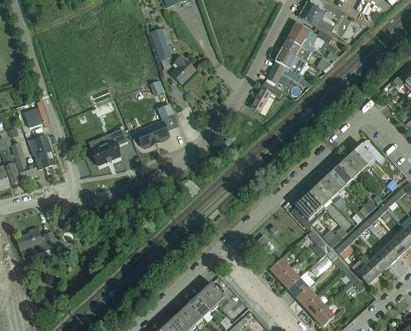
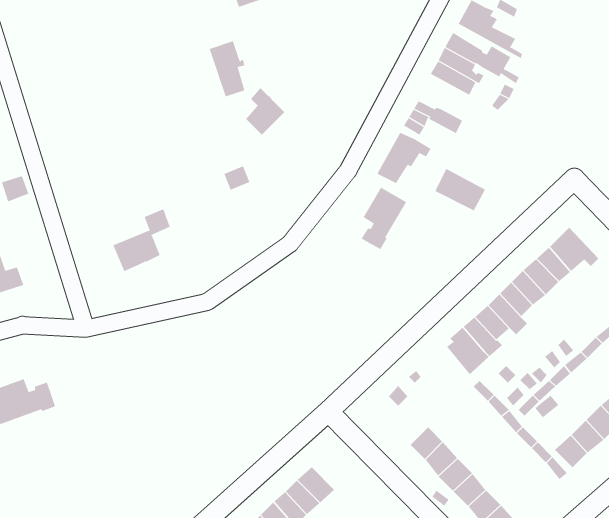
building: [275,46,306,72] -> [434,168,486,211]
building: none -> [361,187,407,250]
building: [136,120,169,146] -> none
building: [28,134,56,168] -> none

